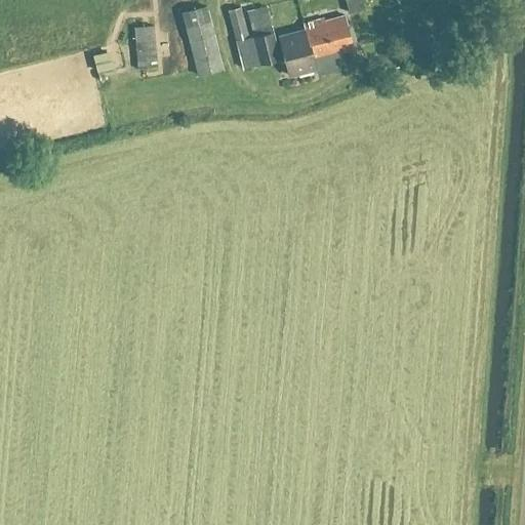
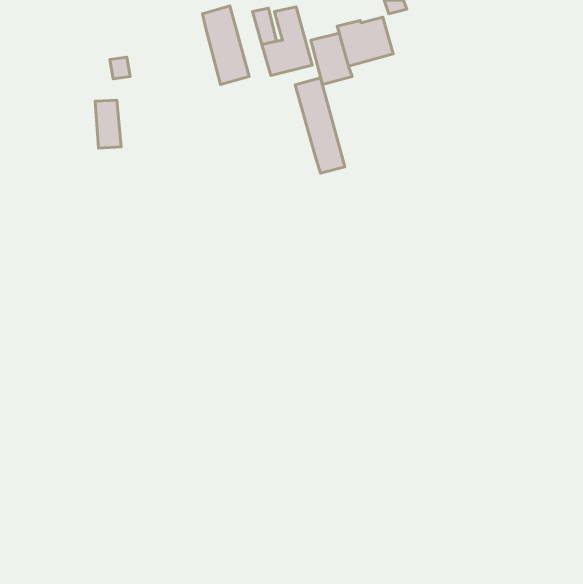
building: [134,26,158,69] -> [95,100,121,148]
building: none -> [295,78,345,173]

